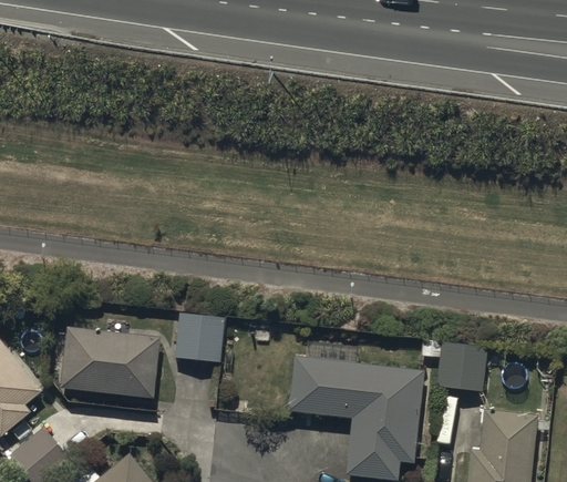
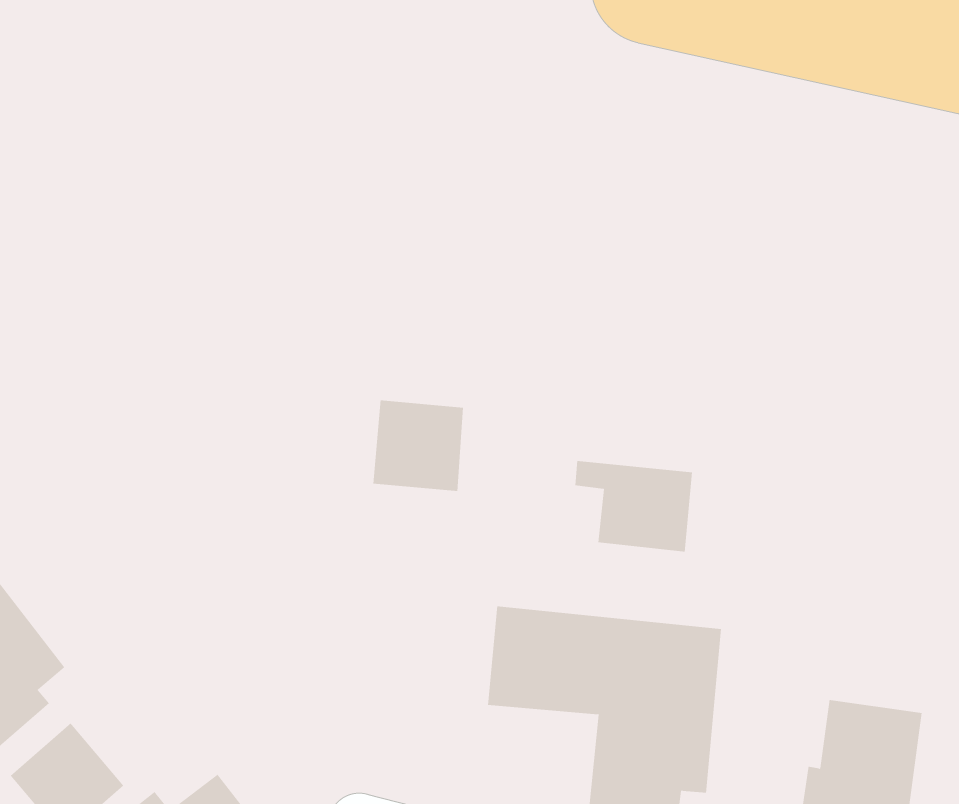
building: [175,309,228,362] -> [372,400,464,492]
building: [61,327,159,399] -> none
building: [423,339,492,392] -> [575,461,693,552]

